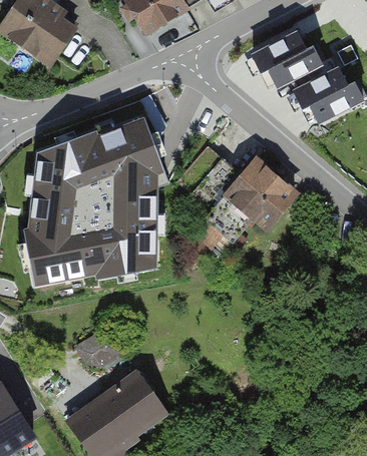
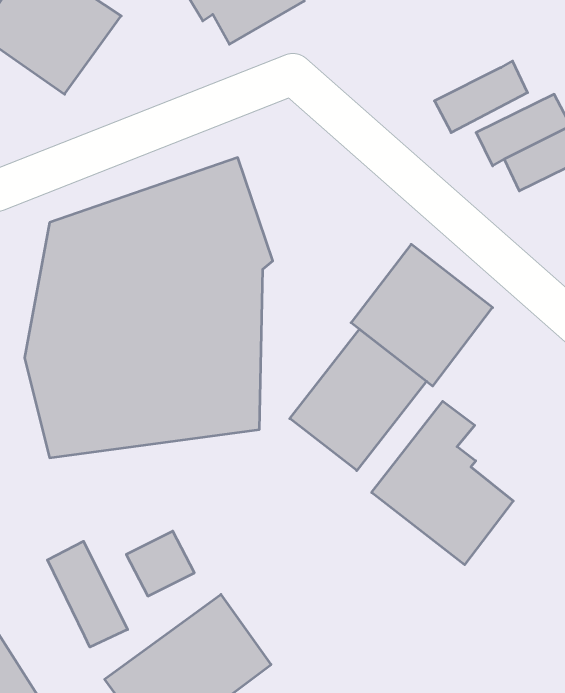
building: [251,31,307,74] -> none
building: none -> [290,329,427,471]
building: none -> [372,401,513,565]
building: none -> [47,541,128,647]

